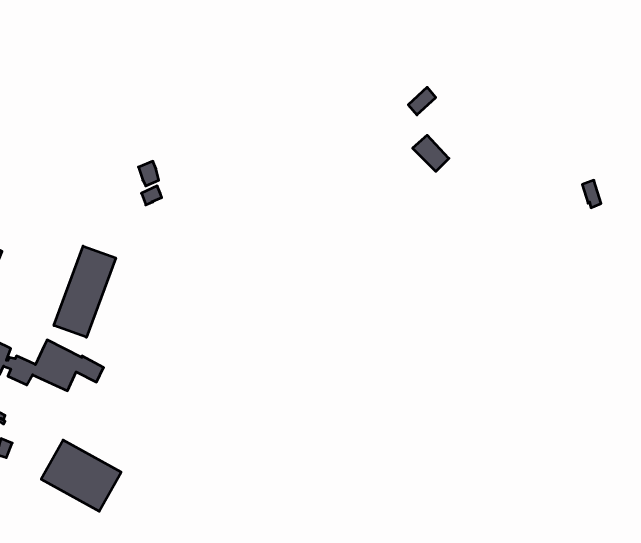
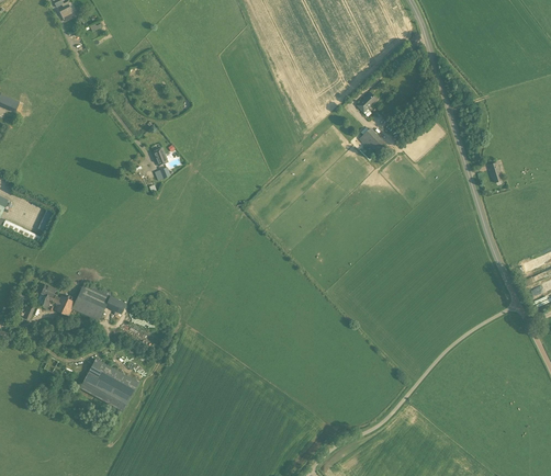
building: [54,246,116,337] -> none

